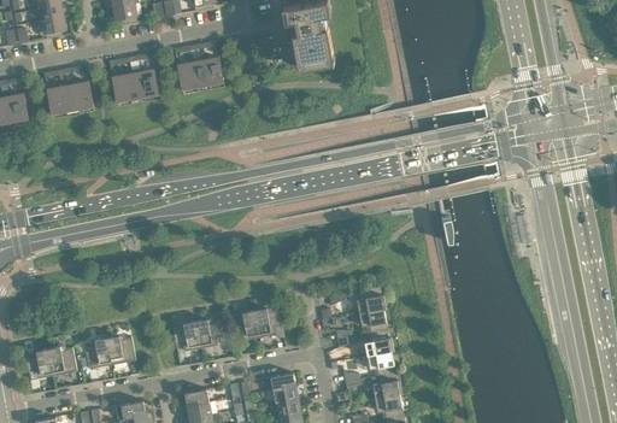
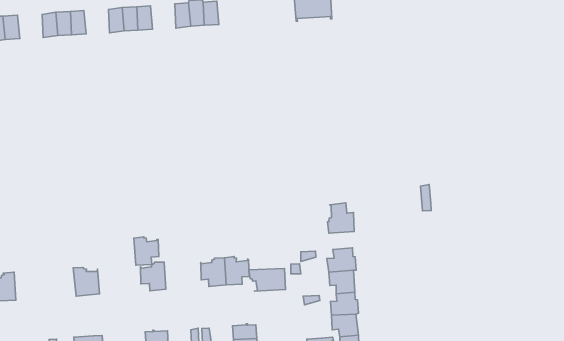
building: none -> [328,203,354,233]
building: none -> [249,268,286,291]
building: [195,318,222,347] -> [134,237,159,265]
building: [83,336,112,366] -> none
building: [48,346,76,375] -> none

